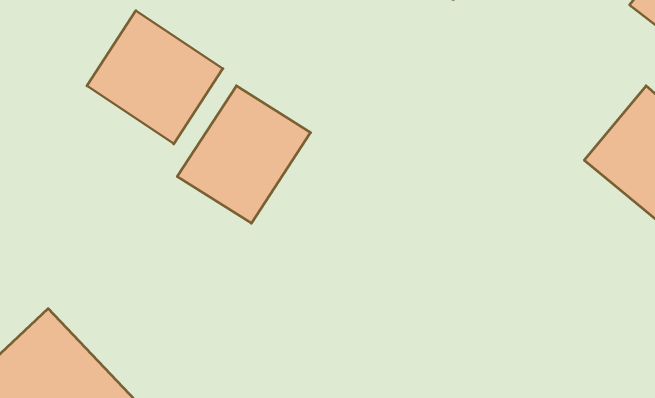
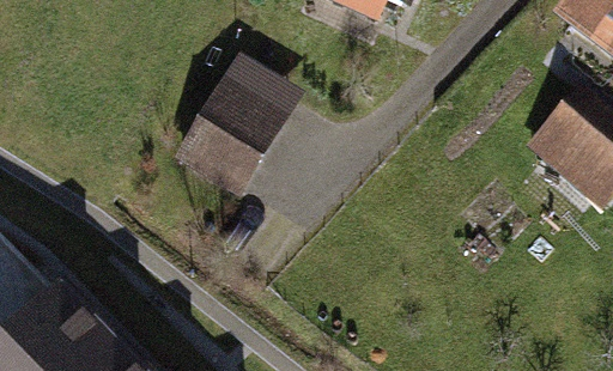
building: [87,11,223,144] -> none

